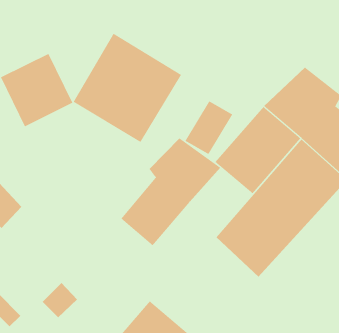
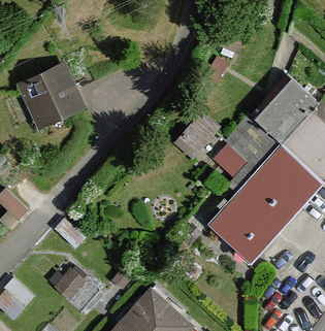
building: [73,33,182,143] -> none
building: [121,138,221,246] -> none

